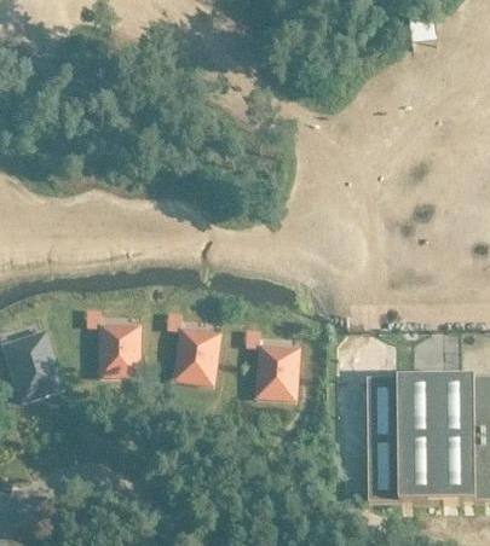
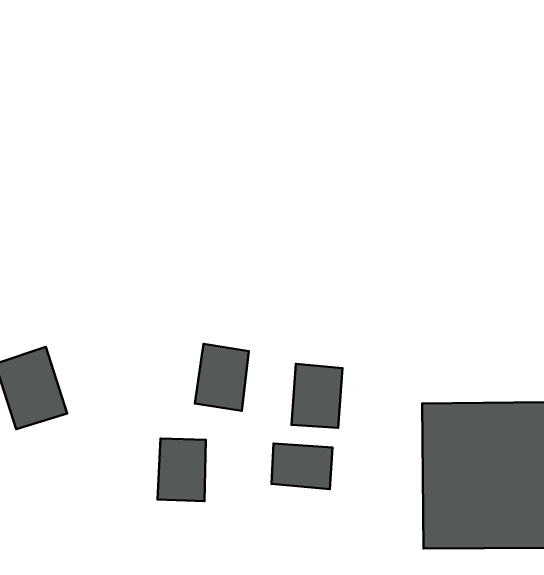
building: [99,321,140,374] -> [158,438,206,501]
building: none -> [271,444,332,489]

